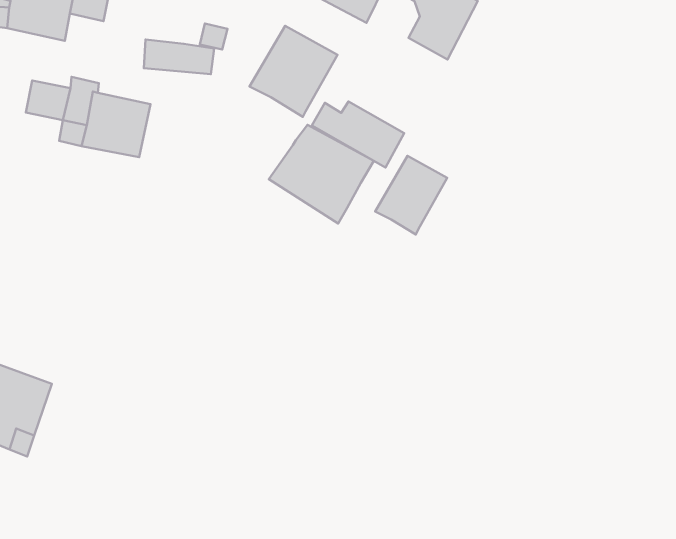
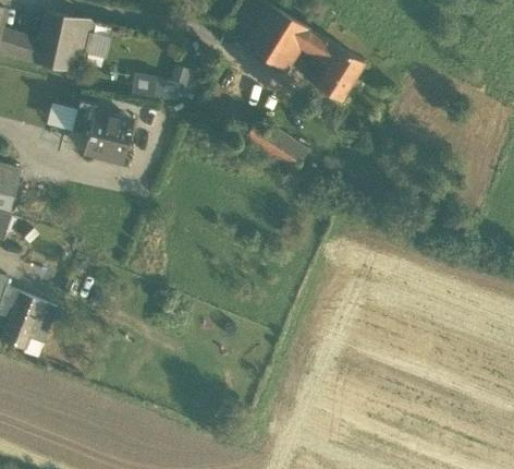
building: [250,26,337,117] -> none
building: [269,125,374,224] -> none
building: [375,156,447,235] -> none

